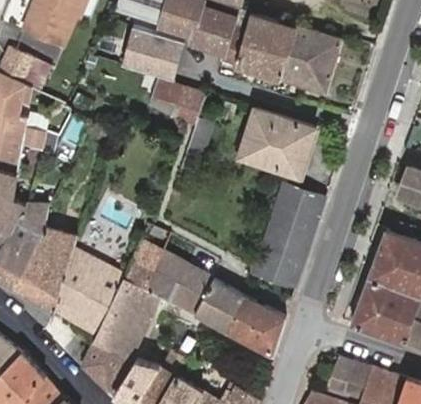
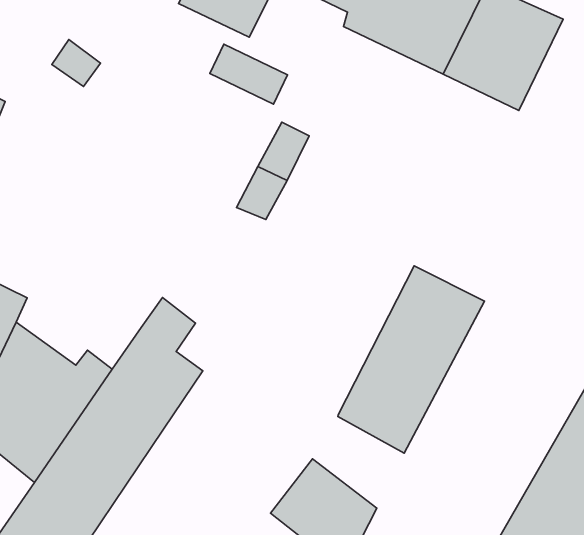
building: [238,109,315,177] -> none
building: [161,248,244,331] -> none

